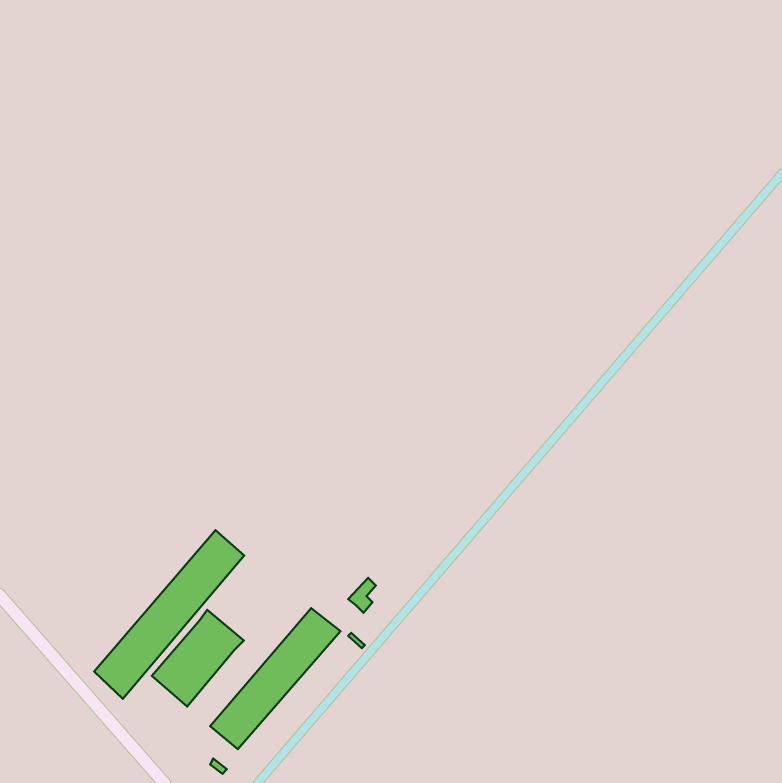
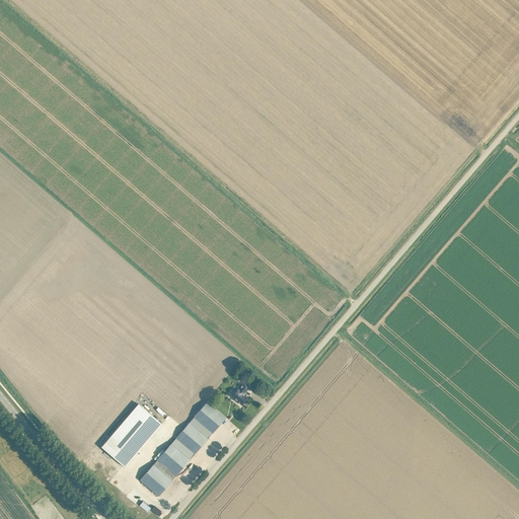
building: [94,530,244,699] -> none

